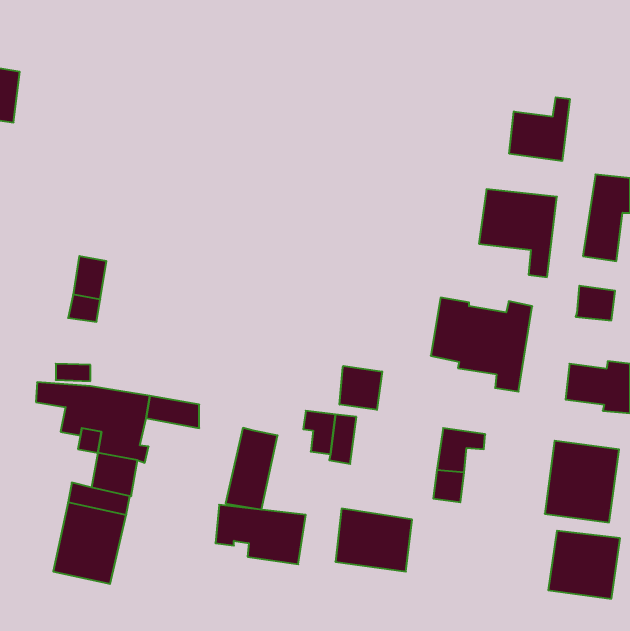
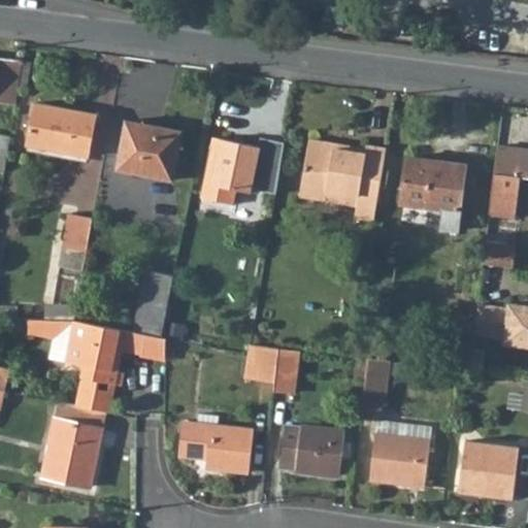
building: [509,97,570,161] -> none
building: none -> [25,104,93,158]
building: none -> [122,123,180,177]
building: none -> [201,139,271,204]
building: [431,298,532,392] -> [297,143,382,222]
building: [340,366,382,410] -> none
building: [226,428,278,510] -> [131,269,174,337]
building: [545,441,619,522] -> [368,421,430,489]

